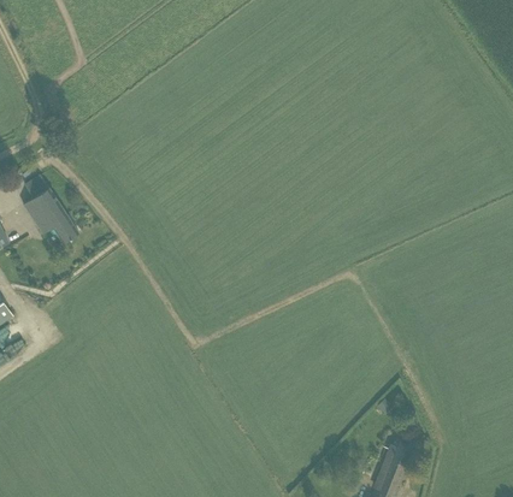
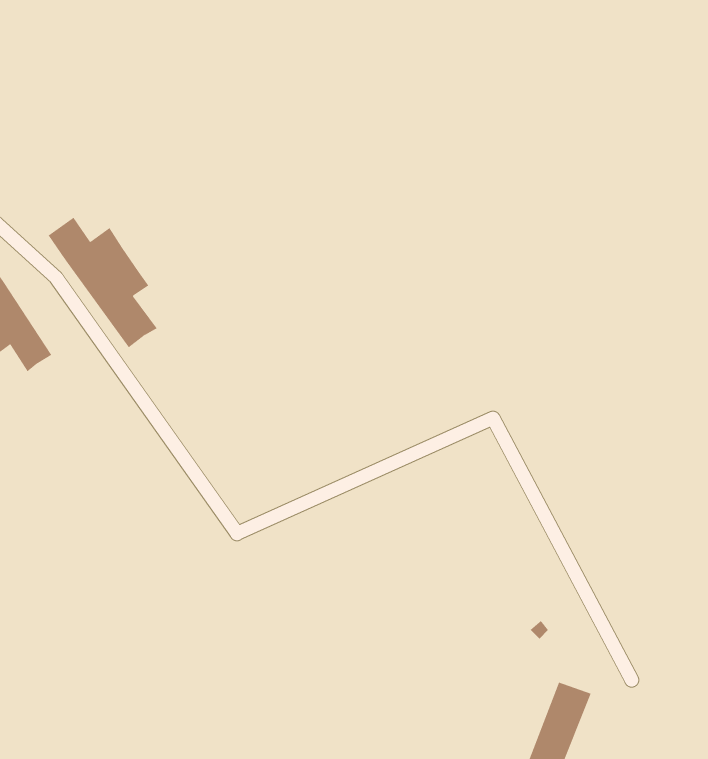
building: none -> [48,217,157,348]

